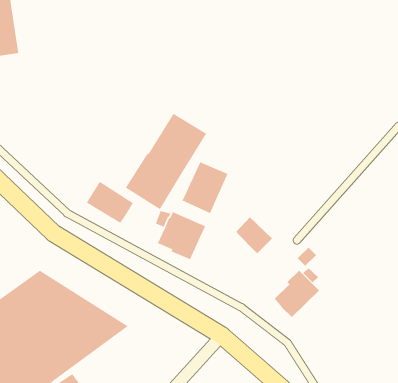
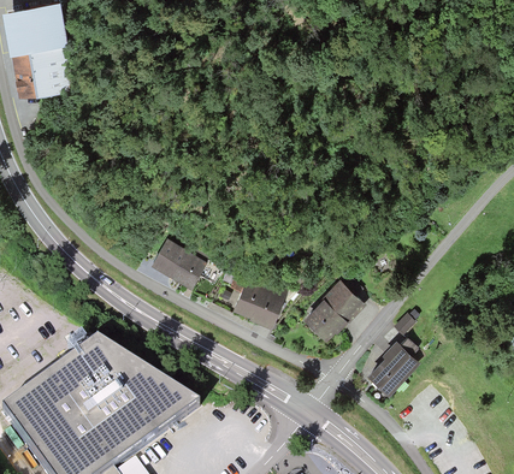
building: [125,113,207,210] -> none
building: [181,161,228,214] -> none
building: none -> [303,295,347,338]

